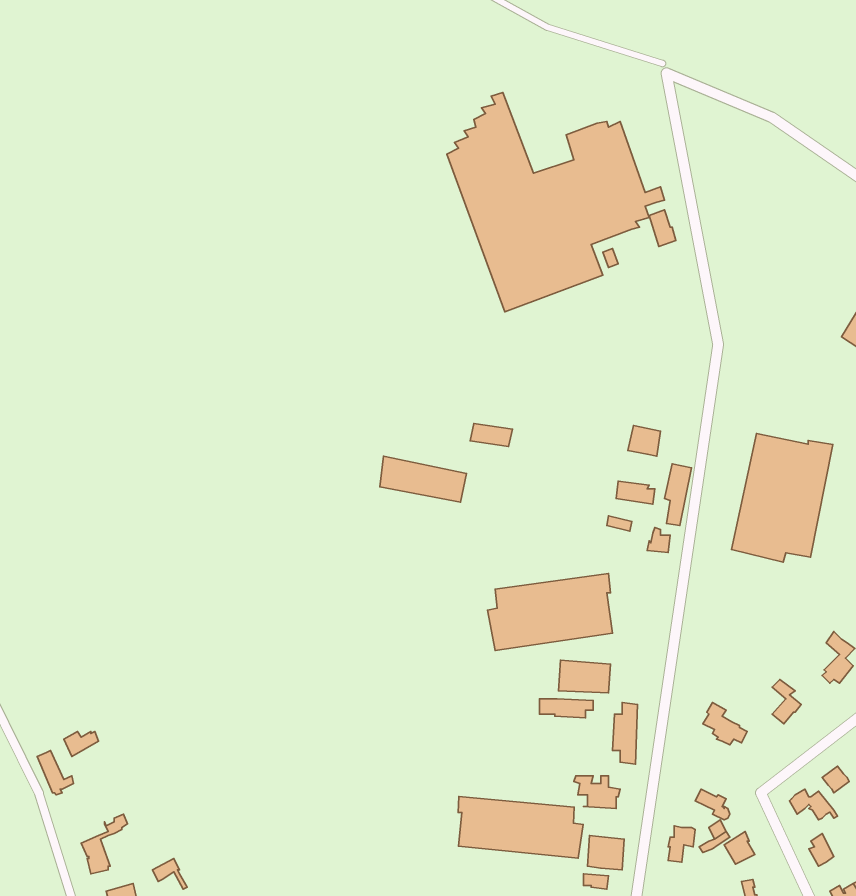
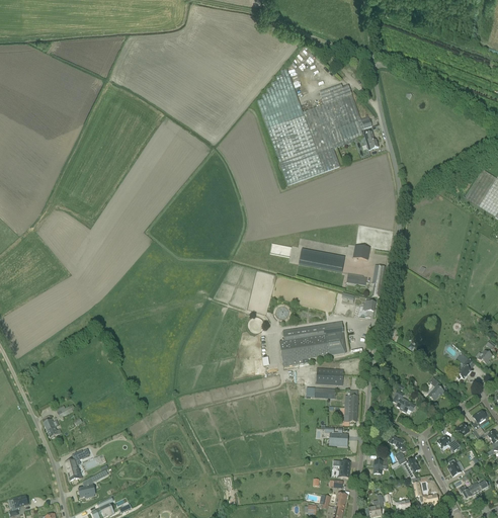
building: [731,434,833,562] -> none
building: [380,456,466,502] -> [300,248,345,272]
building: [458,797,583,858] -> none

